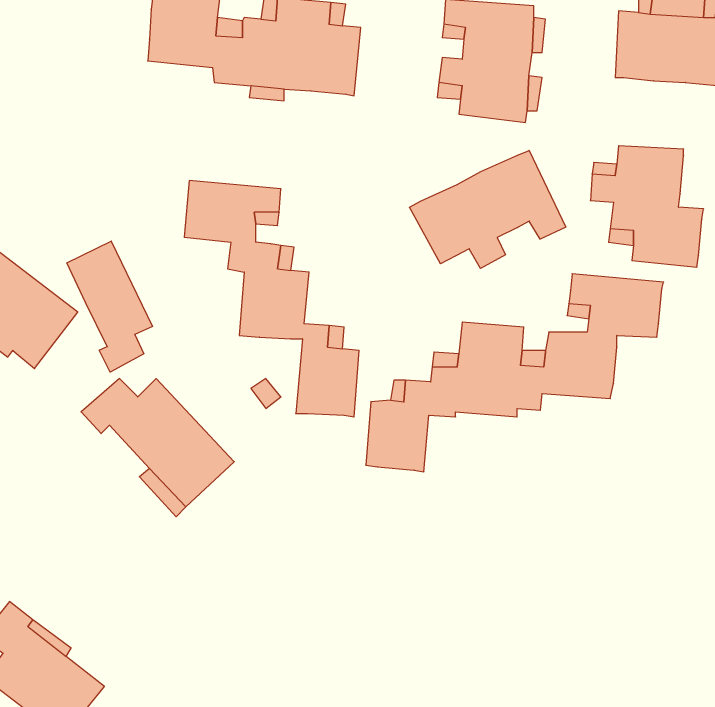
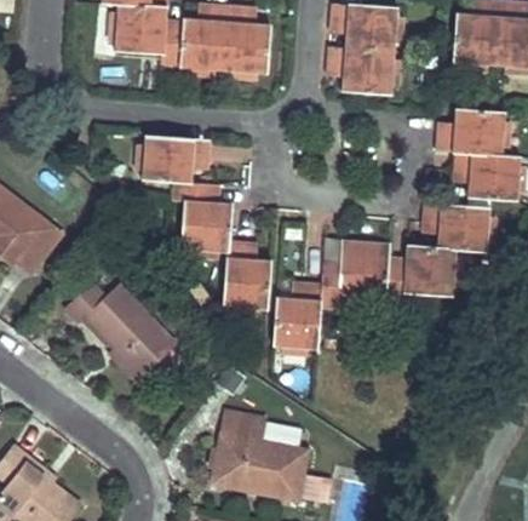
building: [409,150,566,268] -> none
building: [67,241,153,372] -> none
building: none -> [210,410,326,500]

